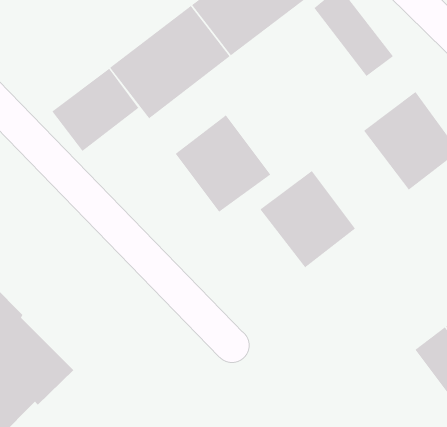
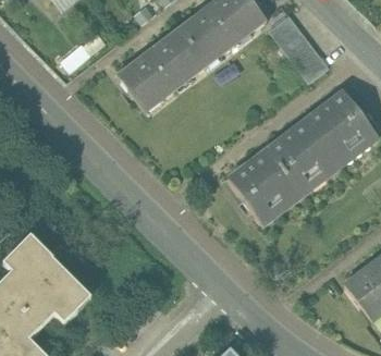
building: [51,68,139,152] -> none
building: [175,115,271,212] -> [268,121,340,194]

